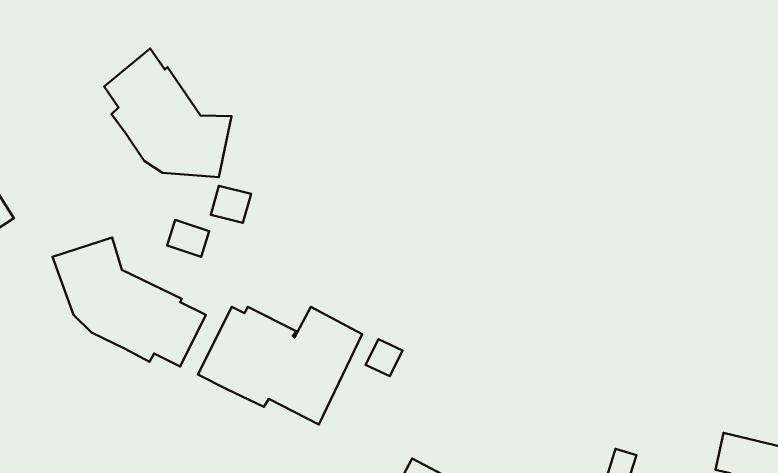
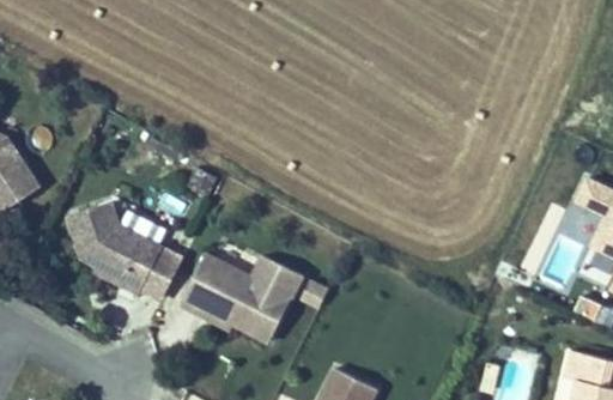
building: [104,49,232,177] -> none

